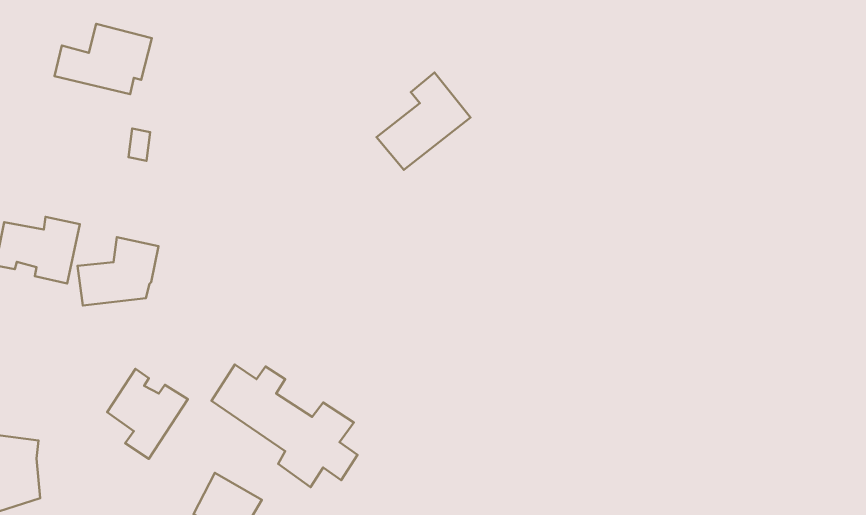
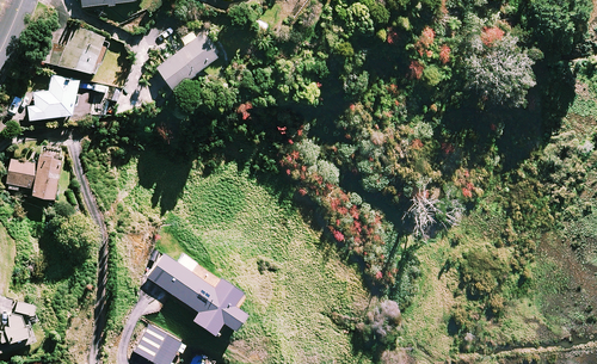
building: [377,72,470,170] -> [158,23,220,87]
building: [77,237,158,306] -> [25,74,79,119]
building: [107,369,188,459] -> none

